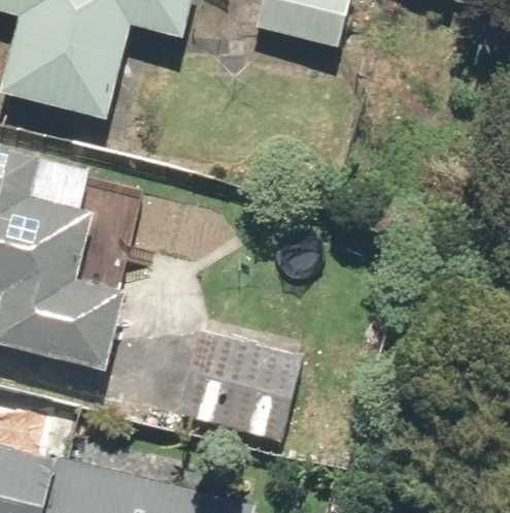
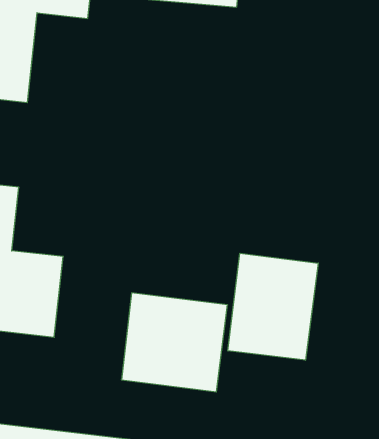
building: none -> [228,253,318,360]

